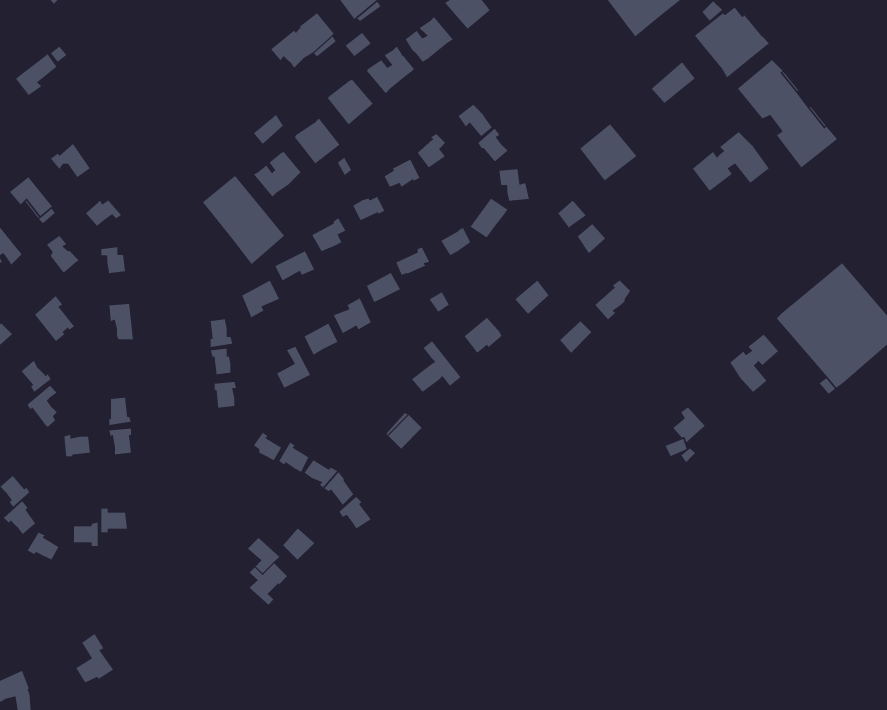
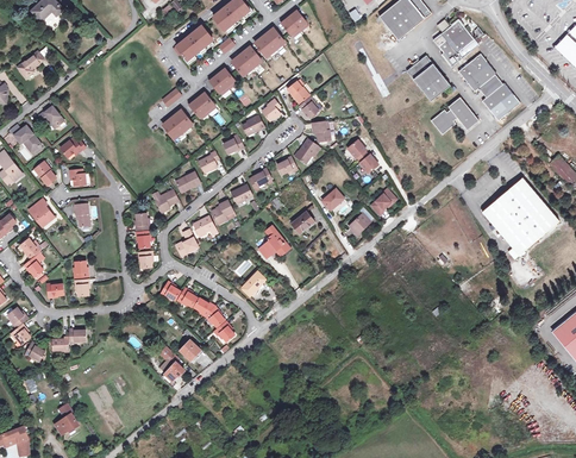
building: [579,123,638,182] -> [414,65,450,101]
building: [202,175,285,265] -> none
building: [729,333,779,393] -> none

